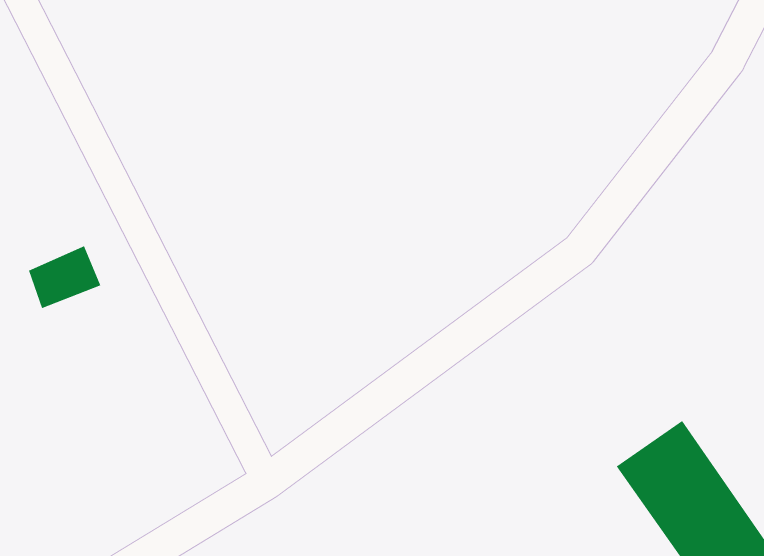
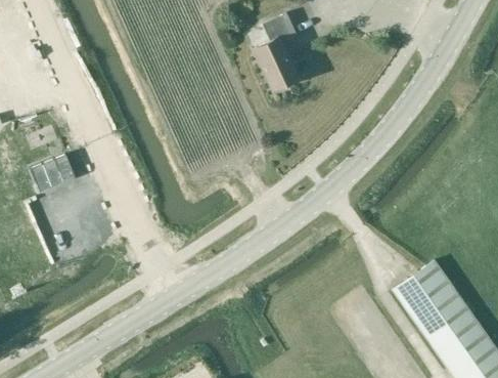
building: none -> [255,13,301,92]

